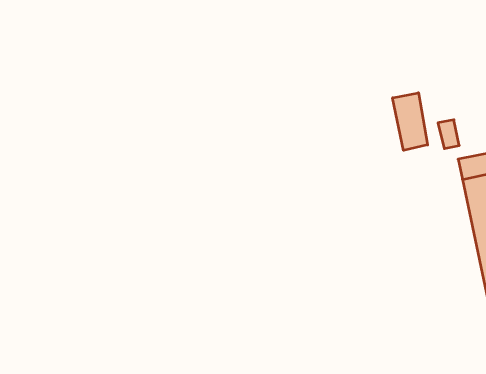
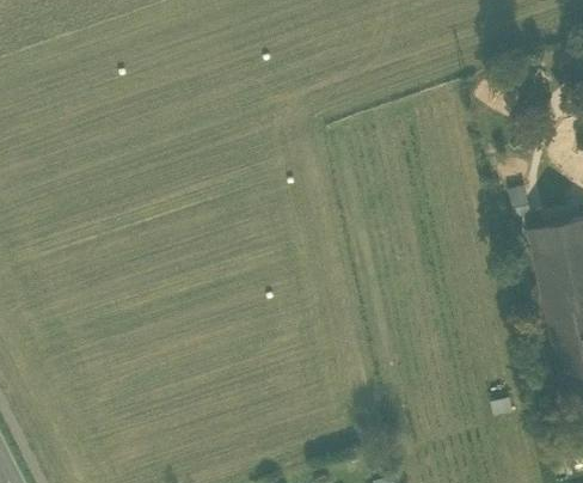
building: [393,93,428,150] -> none

